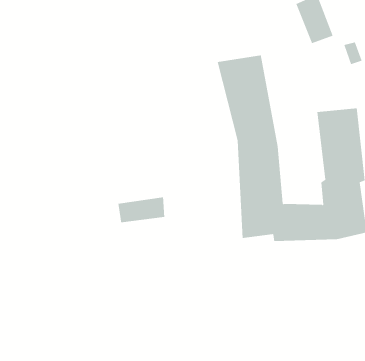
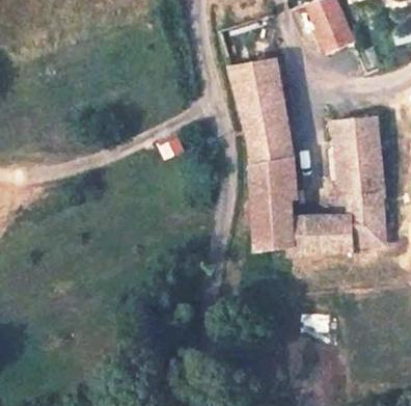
building: [118,197,165,223] -> none

